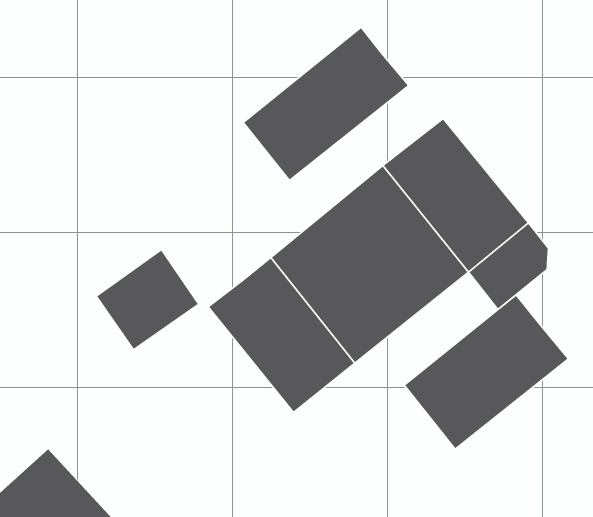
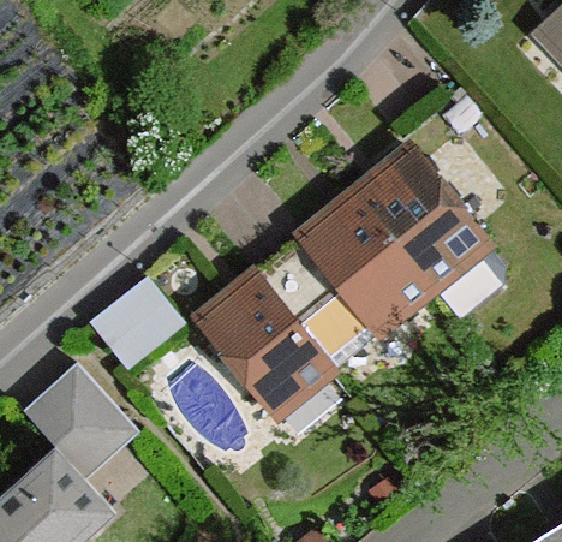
building: [243,27,409,180] -> none
building: [404,295,569,449] -> none
building: none -> [29,369,137,482]

